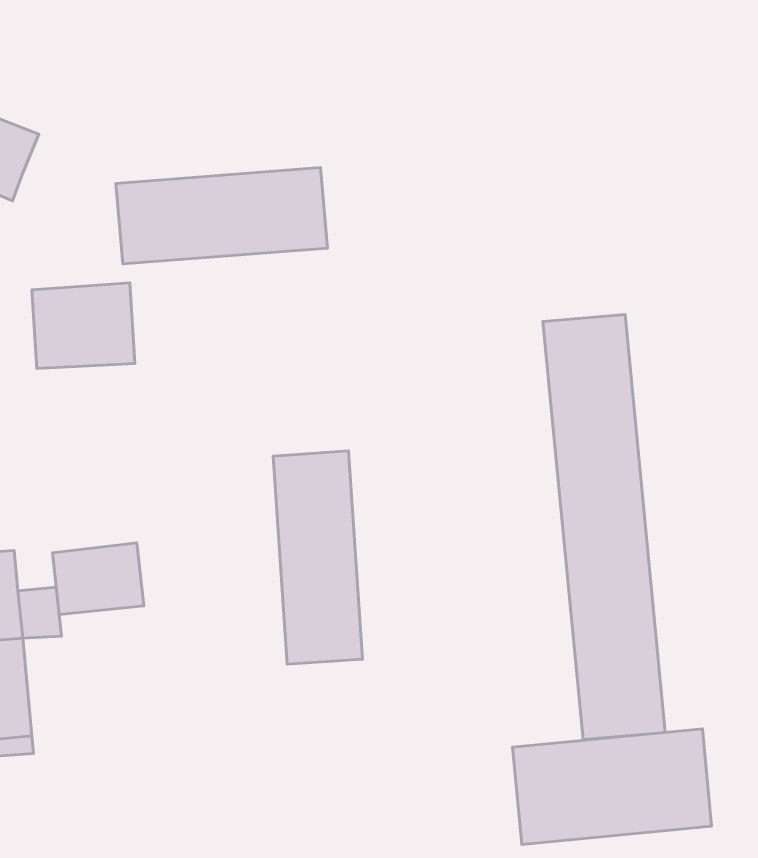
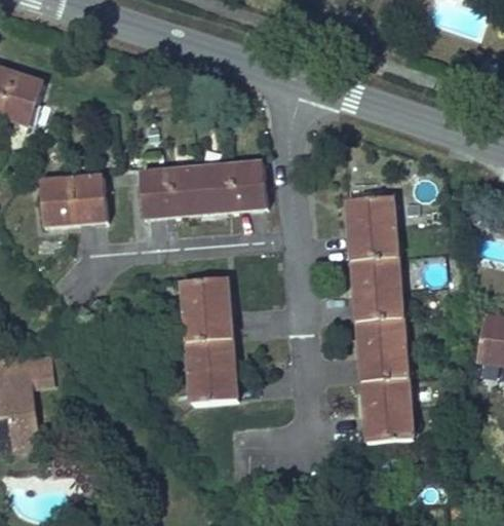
building: [116,168,327,264] -> [142,159,266,216]
building: [53,543,144,614] -> none
building: [513,729,712,845] -> none

